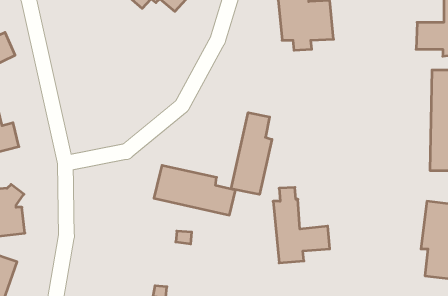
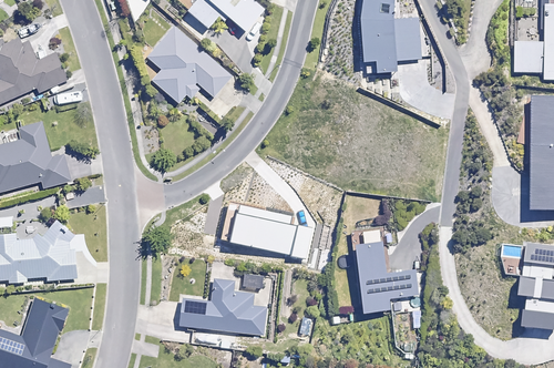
building: none -> [147,27,232,102]
building: [231,113,272,194] -> none
building: none -> [179,278,267,336]

